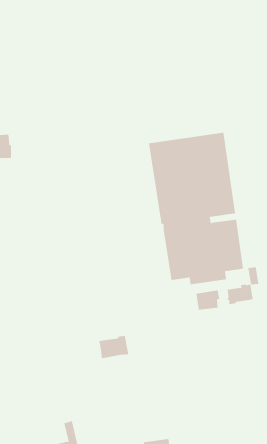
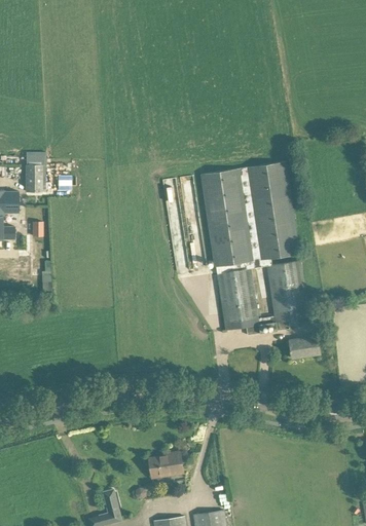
building: [196,289,220,311] -> none
building: [98,335,129,359] -> [148,451,183,478]

